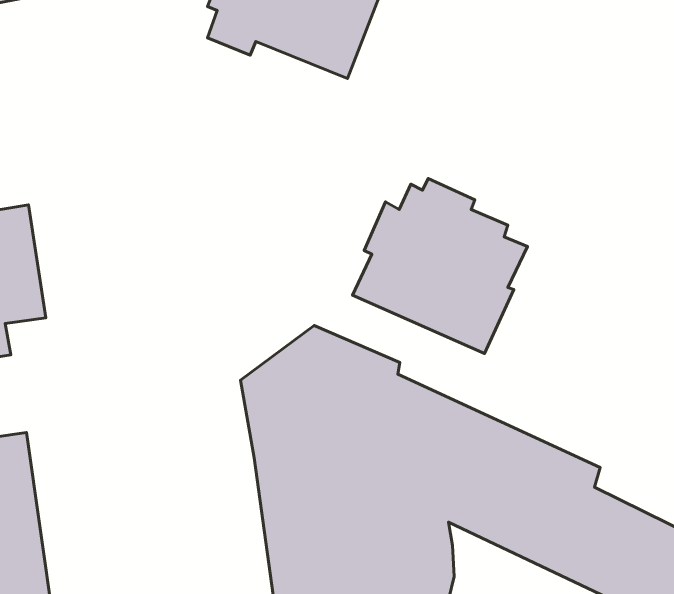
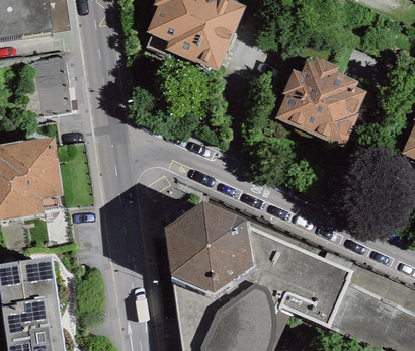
building: [352,178,527,354] -> [275,57,366,148]

